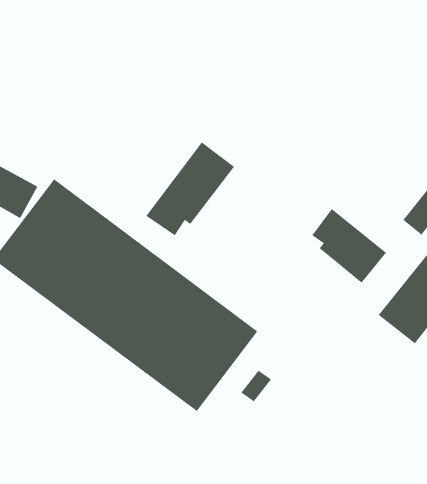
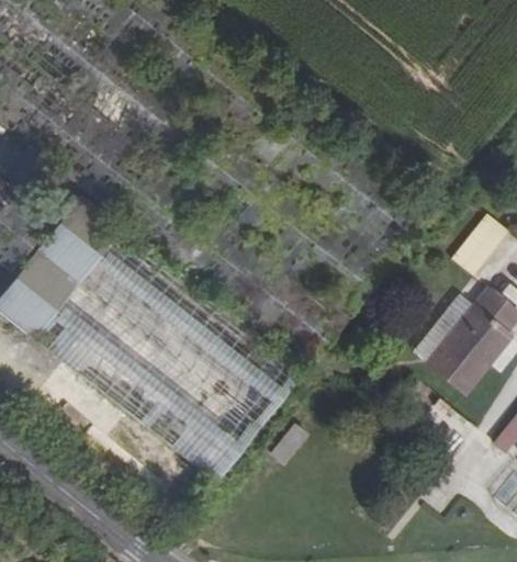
building: [146,141,235,236] -> none
building: [312,208,387,284] -> none

